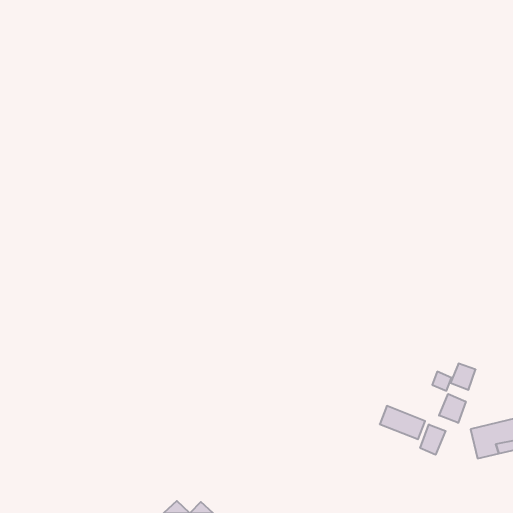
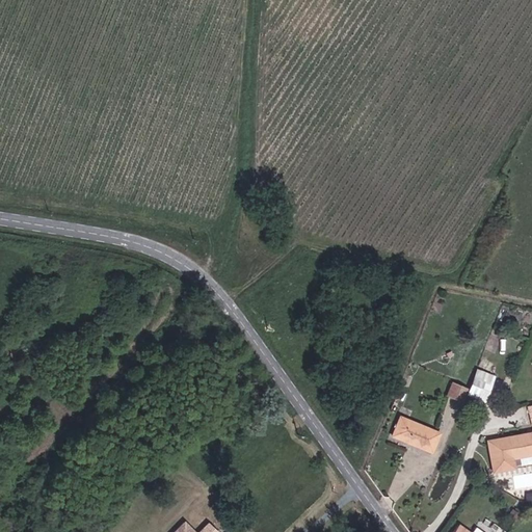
building: [439,394,466,423] -> none
building: [420,424,446,455] -> none

